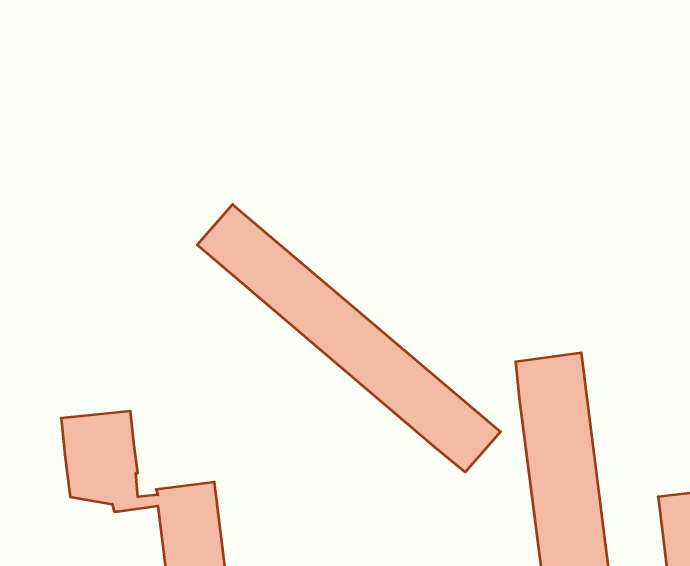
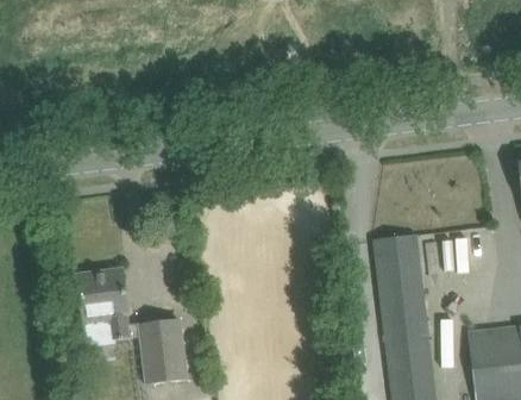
building: [197,204,501,472] -> none

